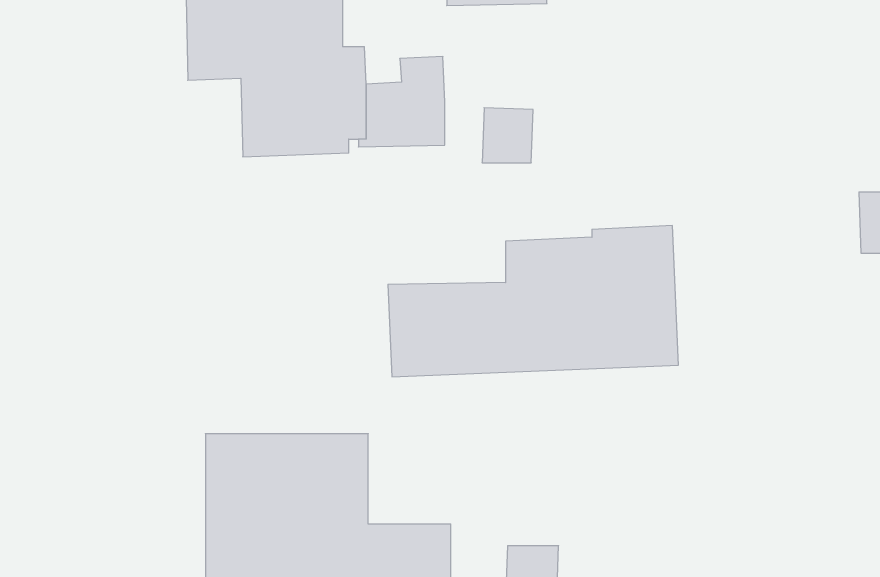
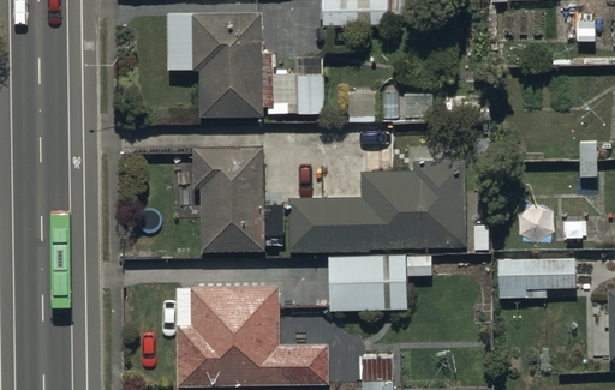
building: none -> [192,148,282,252]
building: none -> [328,256,406,311]
building: none -> [500,259,575,298]

